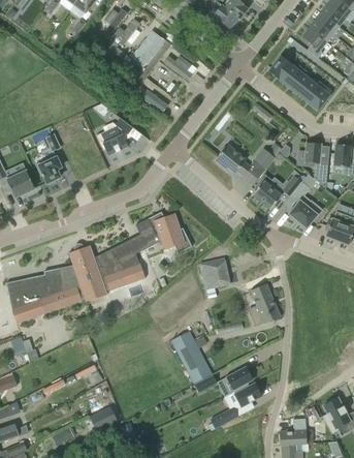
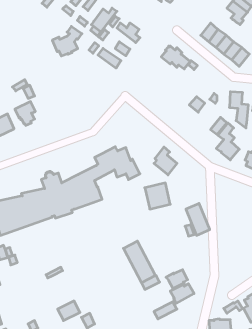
building: [96,118,133,155] -> [52,26,82,56]
building: [215,147,251,176] -> [161,46,190,69]
building: [252,175,281,210] -> [154,147,177,175]

